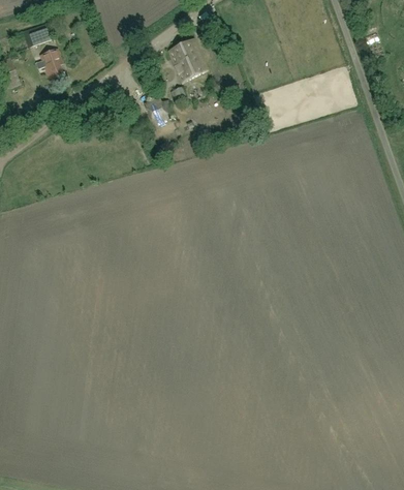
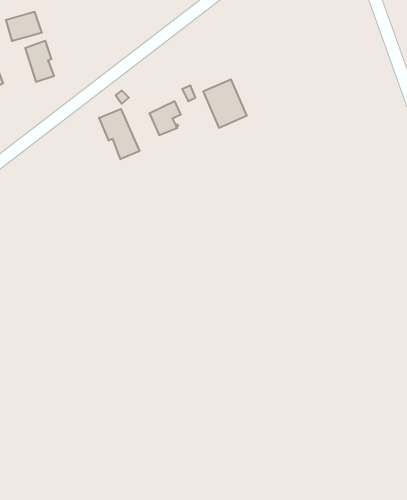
building: [167,39,205,81] -> [203,79,247,128]
building: none -> [99,109,140,159]

